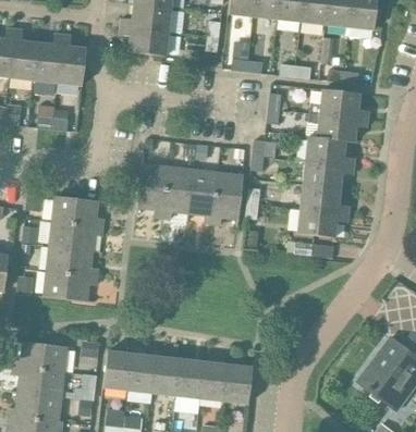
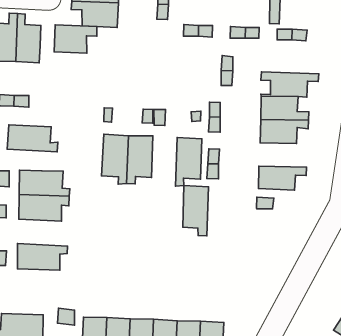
building: none -> [54,25,97,53]
building: [309,88,369,119] -> none
building: [188,170,218,223] -> [183,186,208,236]
building: [299,185,350,213] -> none
building: [46,245,98,276] -> [7,125,58,152]

